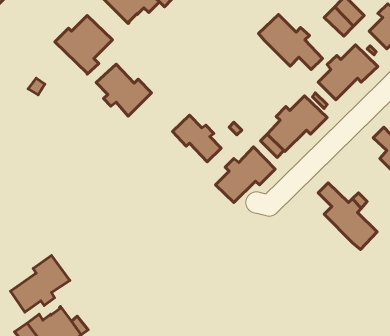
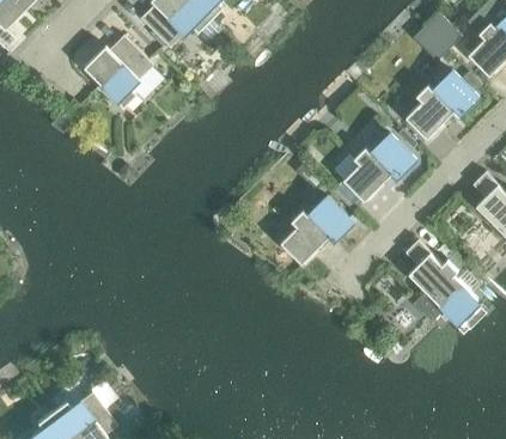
building: [258,14,322,70] -> none
building: [96,64,151,116] -> none
building: [172,115,221,162] -> none
building: [11,255,70,312] -> none

